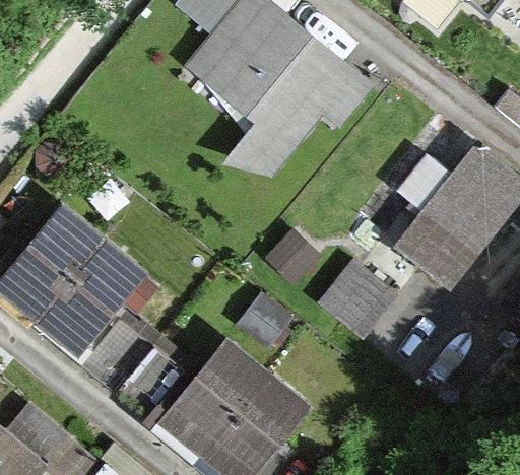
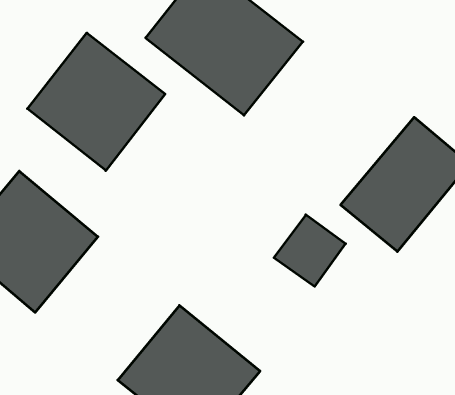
building: none -> [27,33,165,171]

